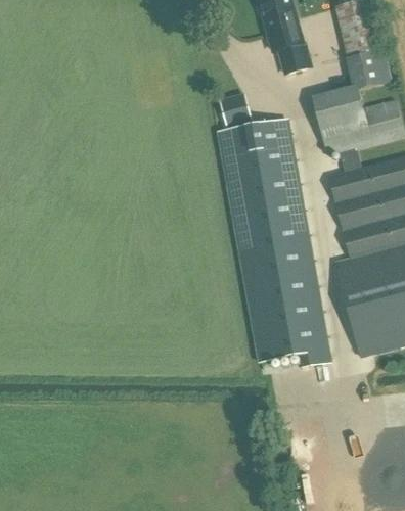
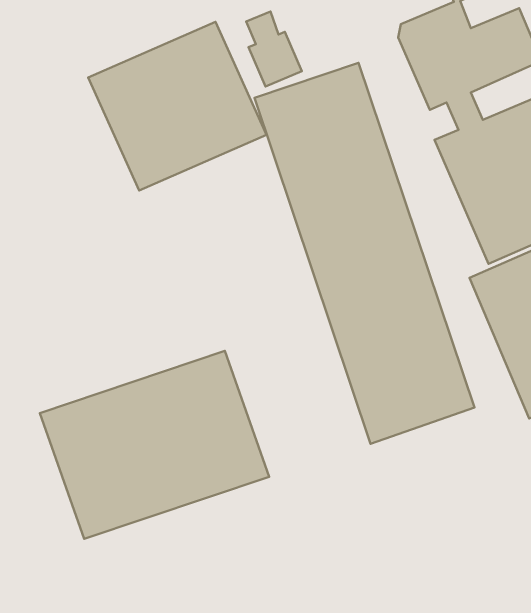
building: none -> [88,22,266,191]
building: none -> [40,351,269,539]

